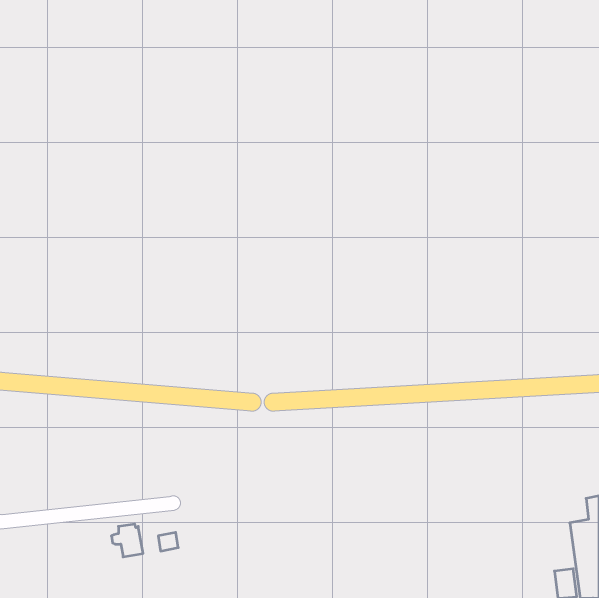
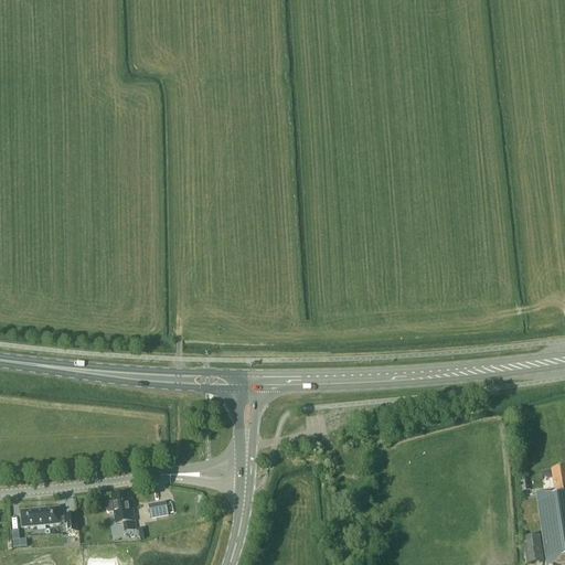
building: none -> [20,507,78,534]

